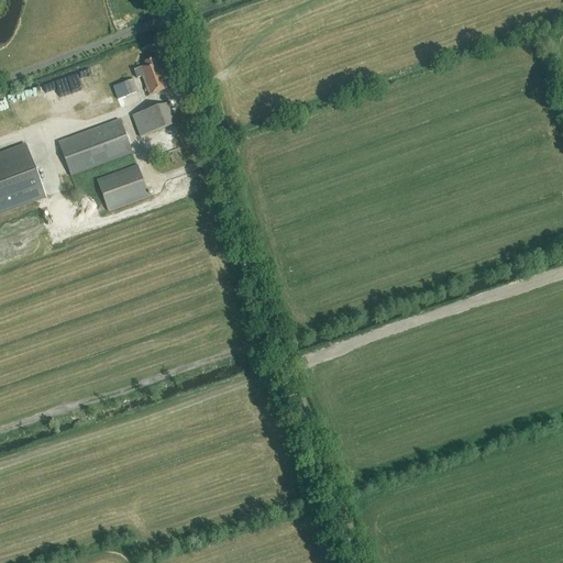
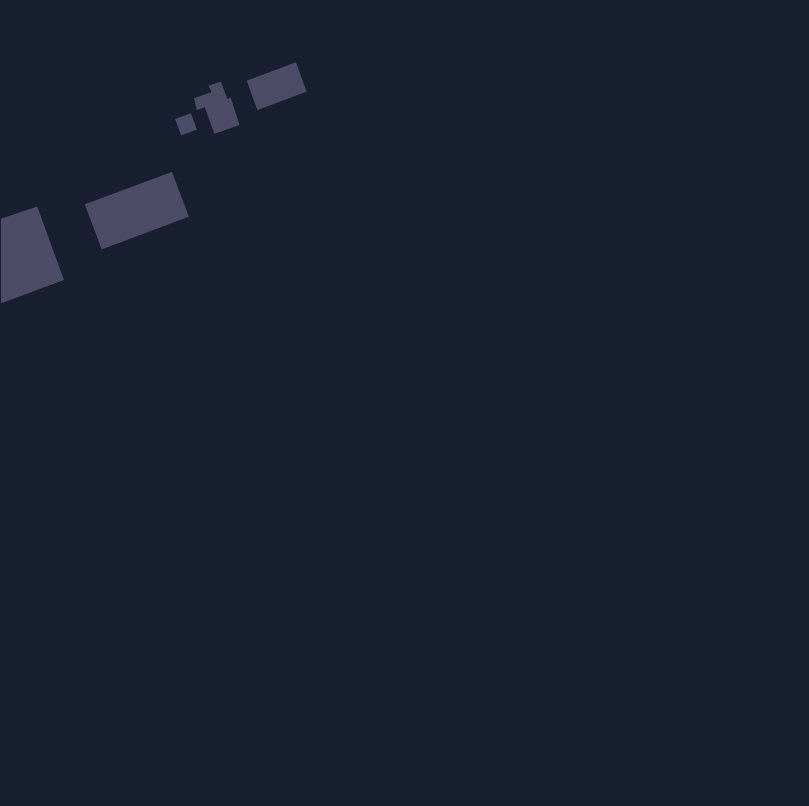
building: [132,101,175,135] -> [246,62,307,111]
building: [98,164,148,210] -> none

